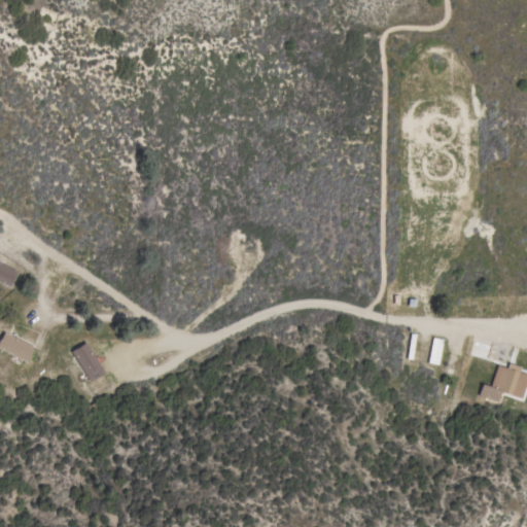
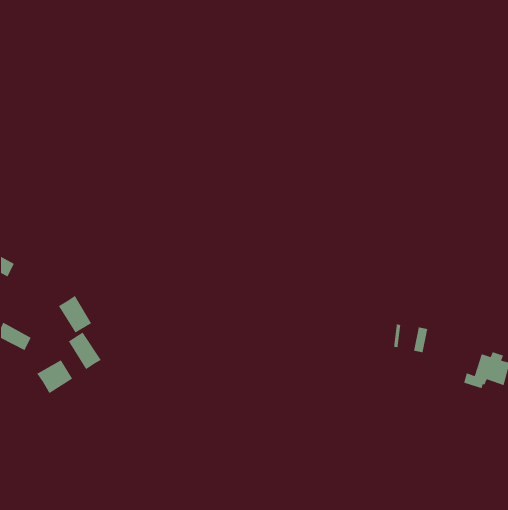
building: none -> [58,295,92,334]
building: none -> [36,359,73,394]

